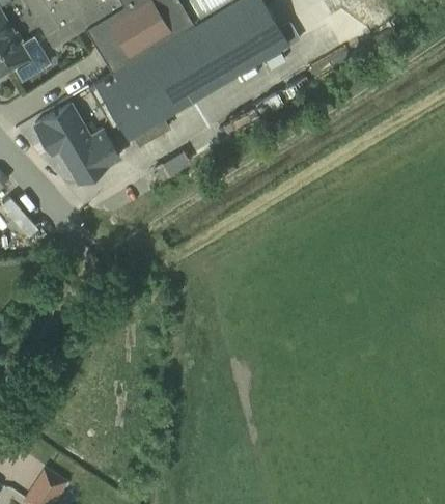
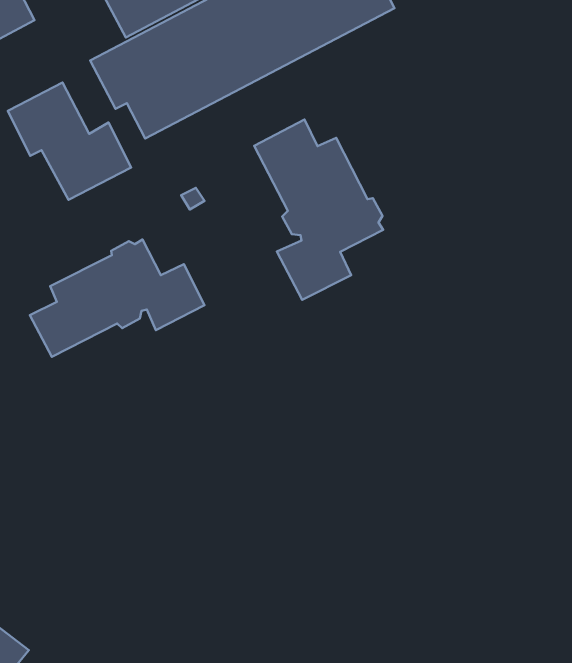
building: none -> [254,119,383,300]
building: none -> [30,240,204,357]

